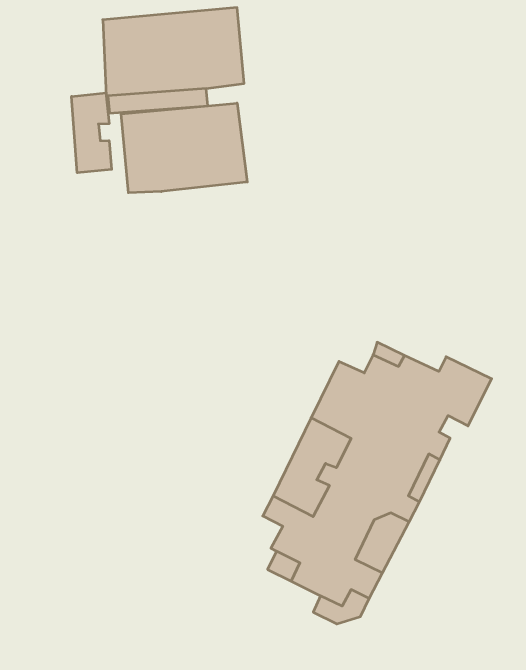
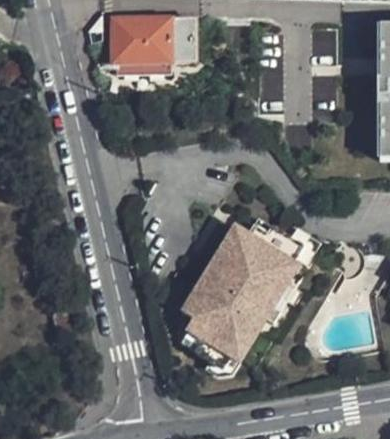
building: [72,93,112,173] -> none
building: [121,103,247,193] -> none

